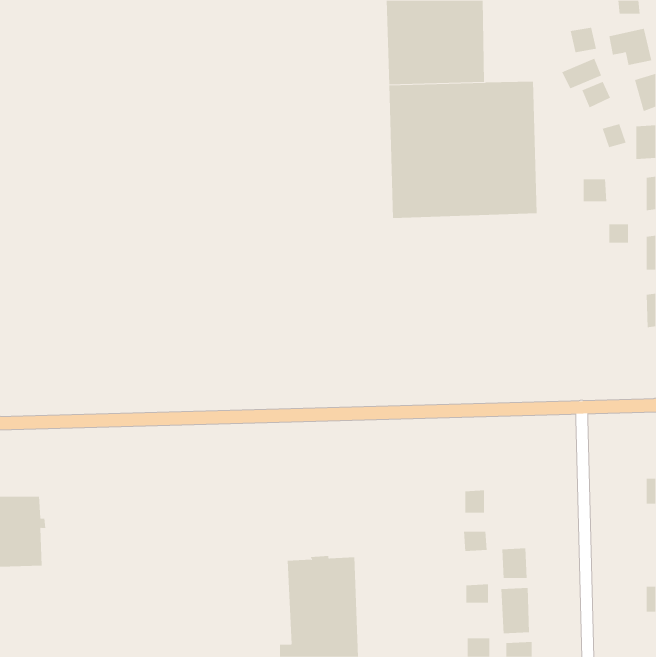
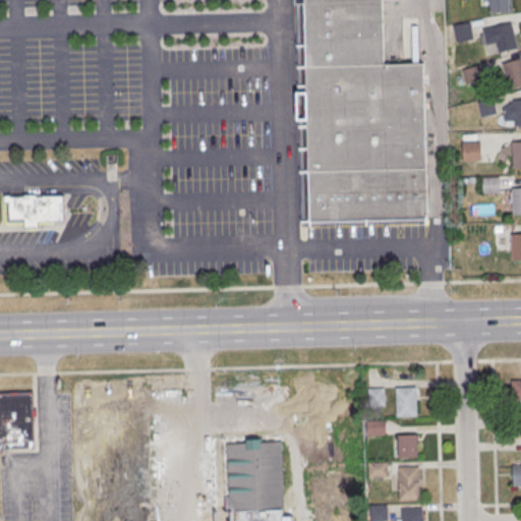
building: [561,58,602,89] -> none
building: none -> [310,169,426,221]
building: none -> [5,195,64,228]
building: none -> [395,387,417,416]

